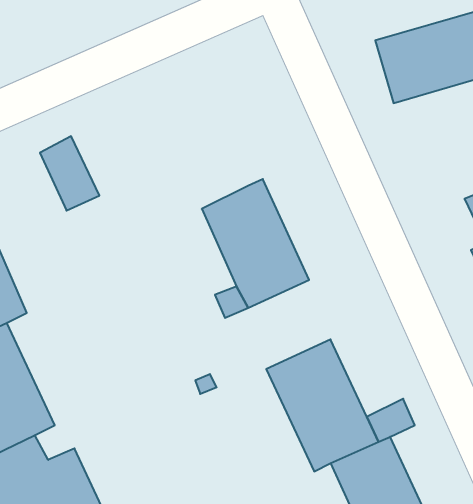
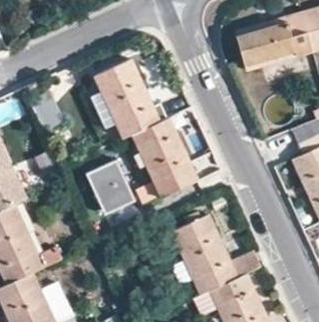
building: none -> [93,59,158,137]
building: none -> [93,164,137,215]

